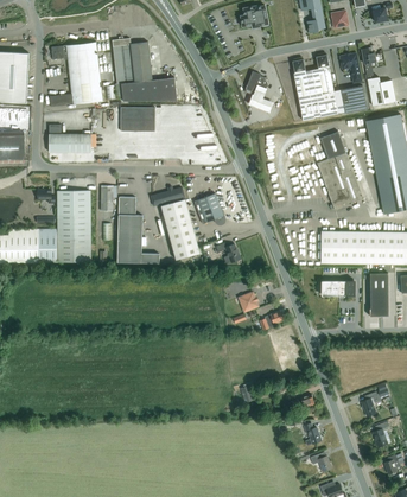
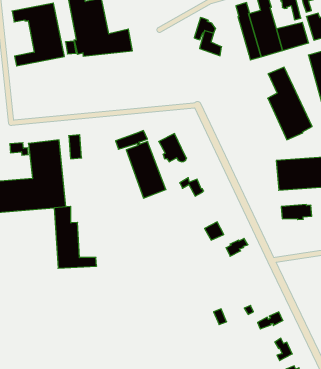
building: [121,107,155,132] -> none
building: [49,125,91,152] -> none
building: [117,197,159,263] -> [54,206,97,268]

